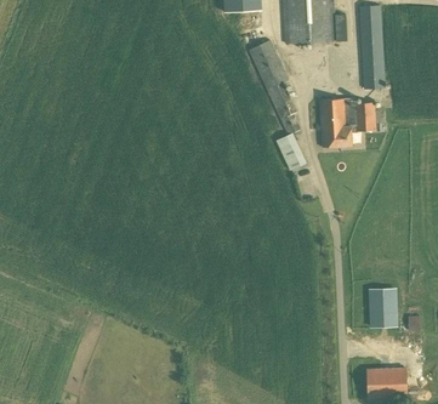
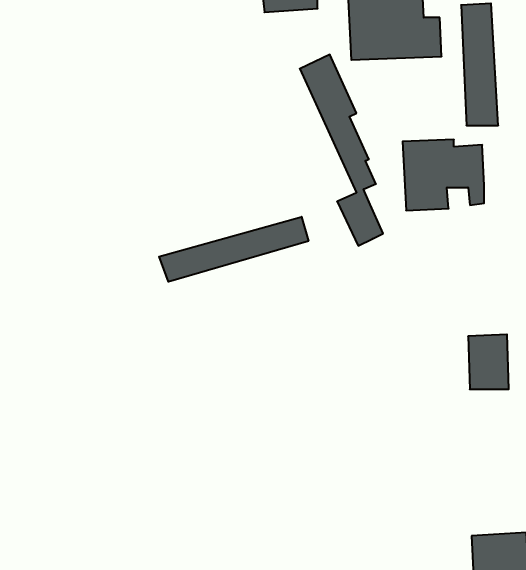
building: none -> [159,217,308,282]
building: [369,288,397,325] -> [468,334,509,389]

